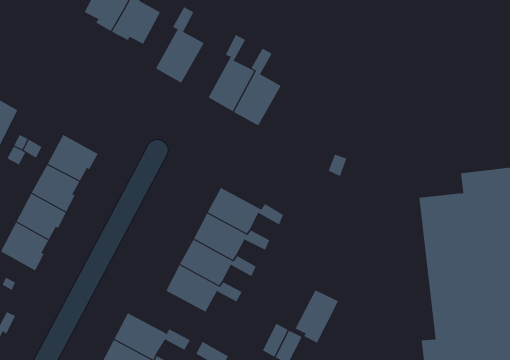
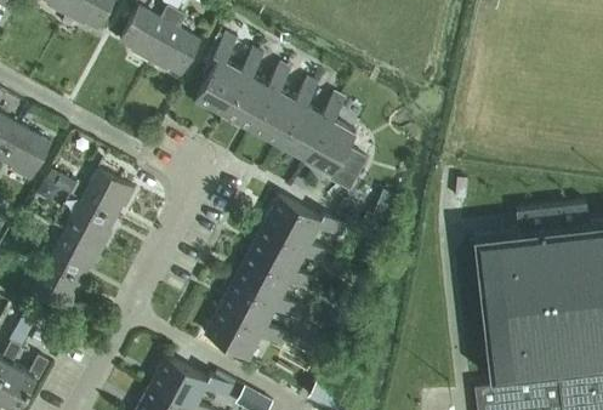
building: none -> [223,49,274,130]
building: none -> [305,93,368,189]
building: none -> [264,197,346,247]
building: [295,290,339,344] -> none

